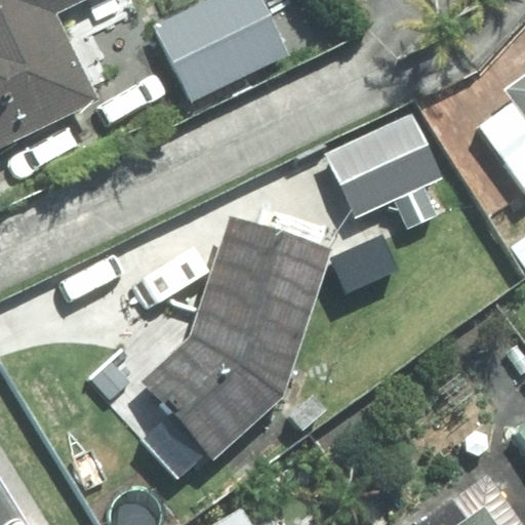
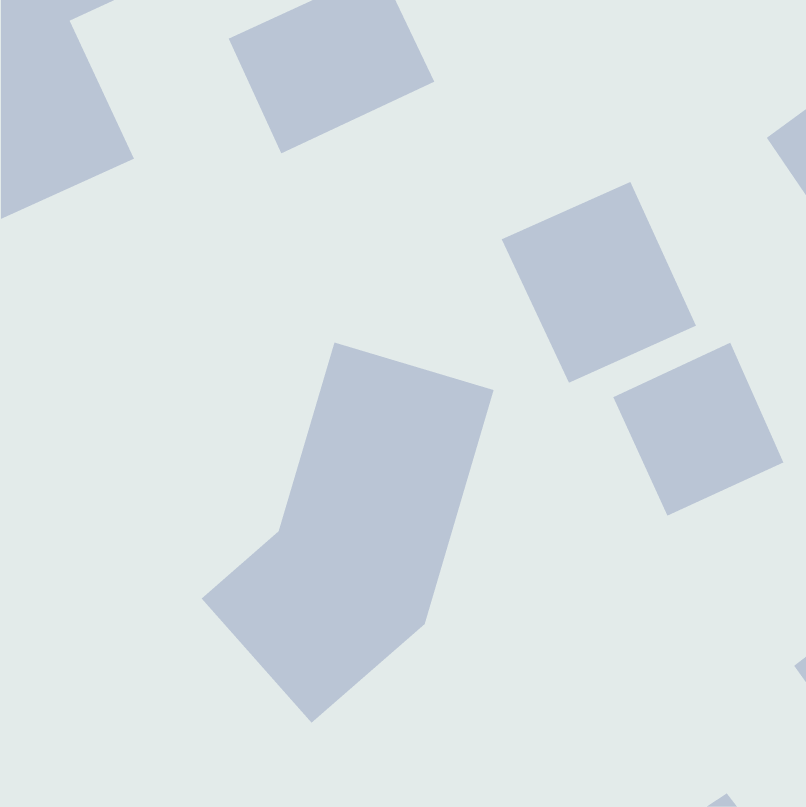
building: none -> [613,342,784,517]

